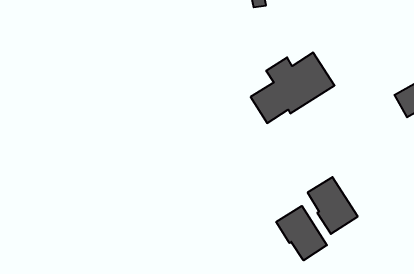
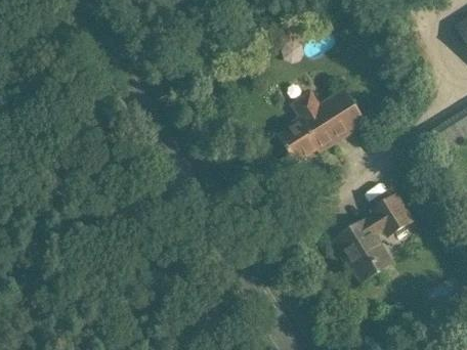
building: none -> [370,193,413,233]
building: [276,206,327,260] -> none

